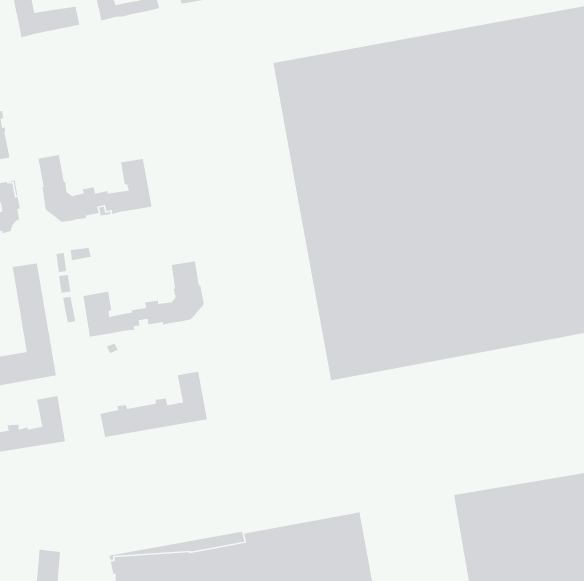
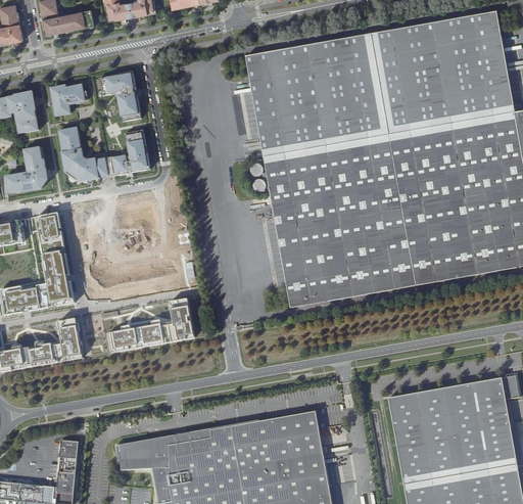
building: none -> [99,72,141,122]
building: none -> [51,85,87,117]
building: [83,260,205,338] -> none

